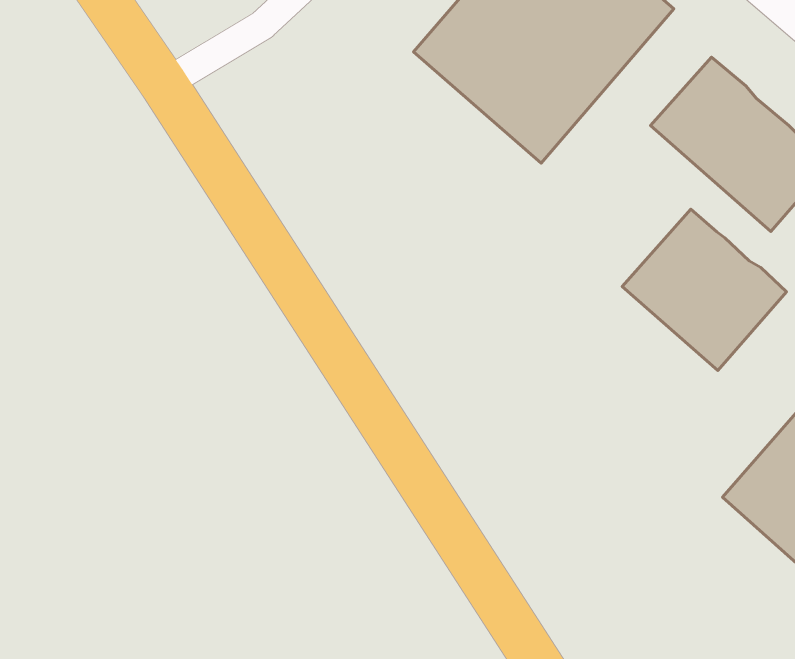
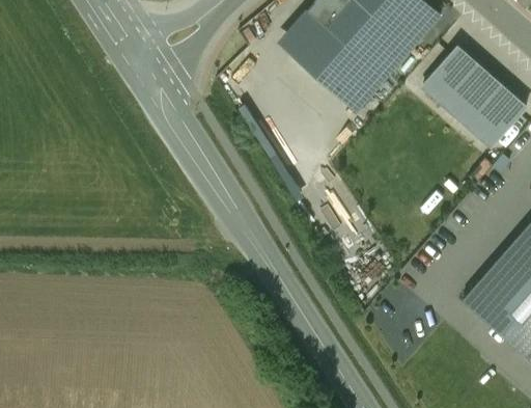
building: [622,209,787,371] -> none

